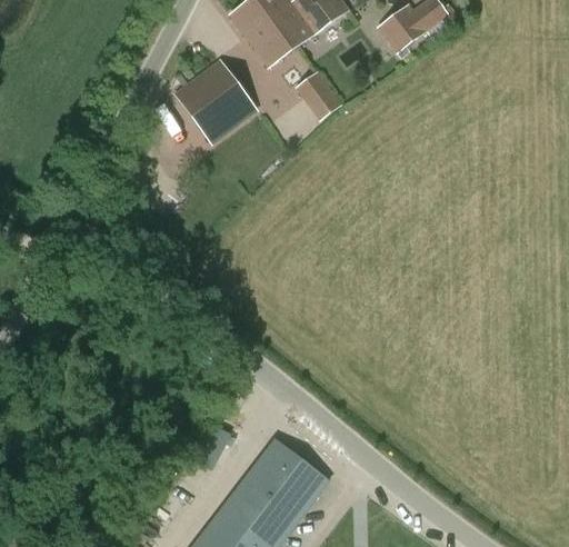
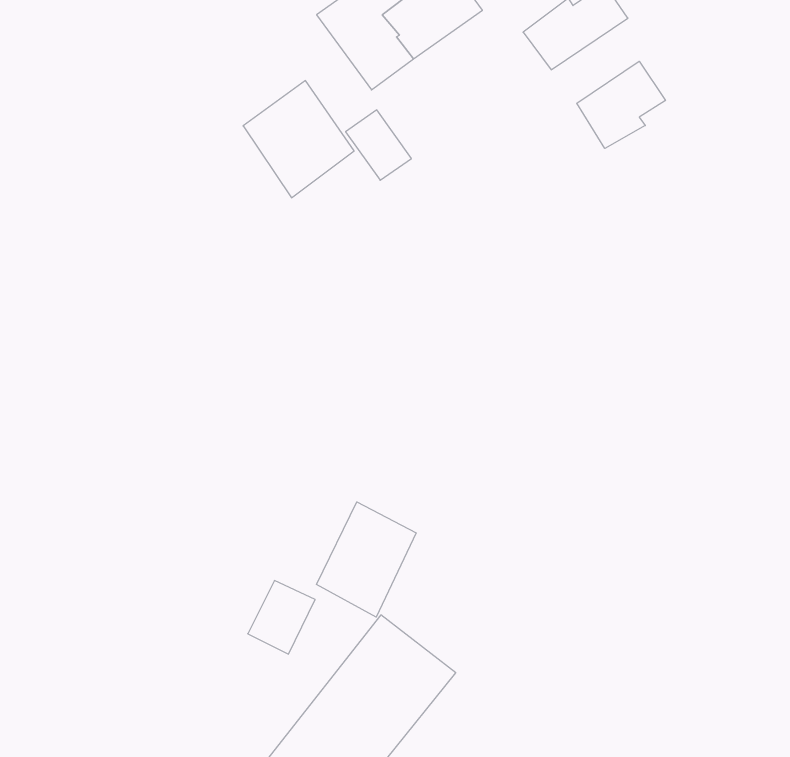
building: none -> [577,61,665,148]
building: [295,69,341,119] -> [346,110,411,180]
building: none -> [317,502,416,617]

